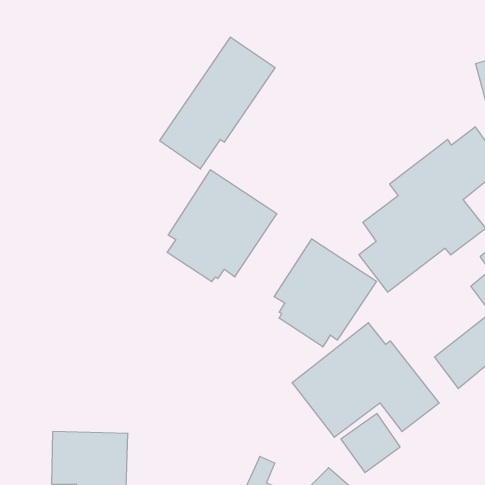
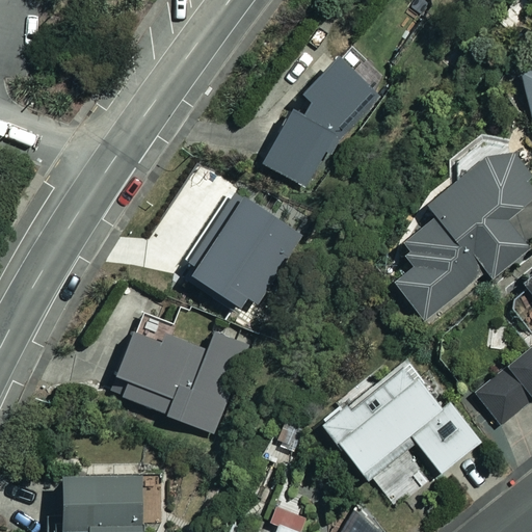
building: [160,37,275,169] -> [261,46,387,189]
building: [274,239,376,347] -> none
building: none -> [114,328,254,436]

